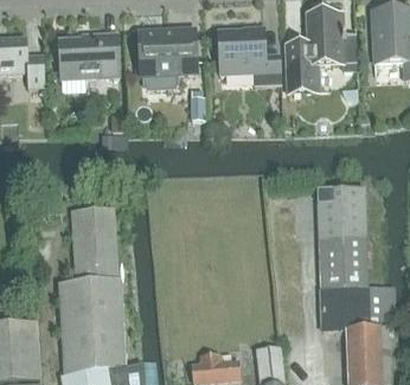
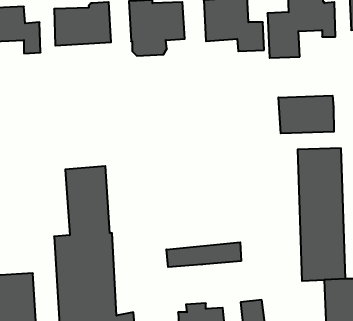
building: none -> [278,96,334,133]
building: none -> [166,242,241,267]

